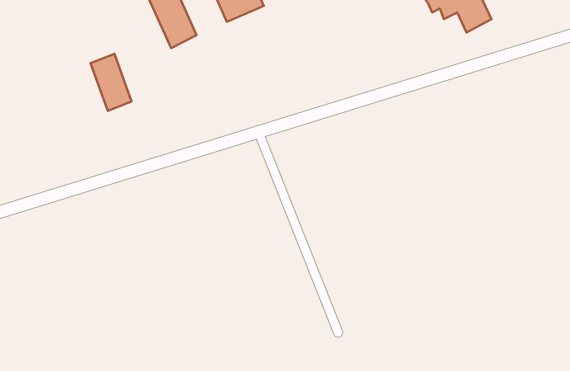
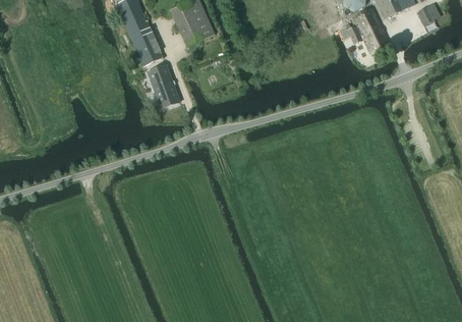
building: [91,54,132,111] -> [148,64,179,108]

